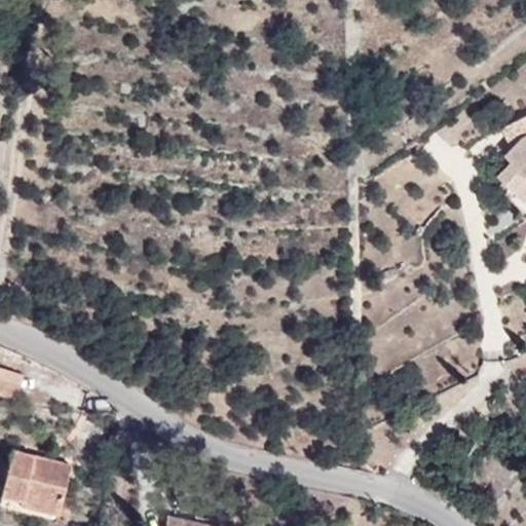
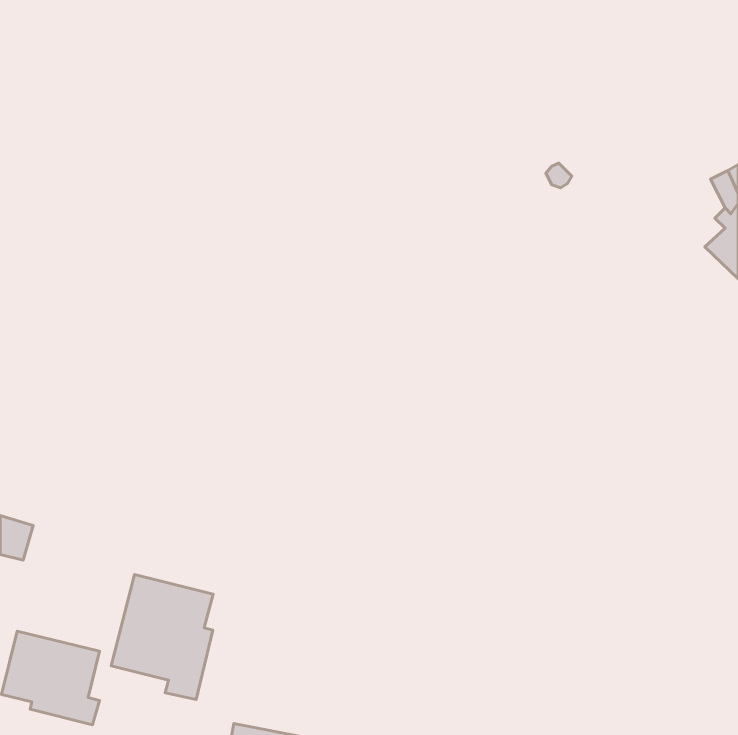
building: none -> [111,575,213,699]

